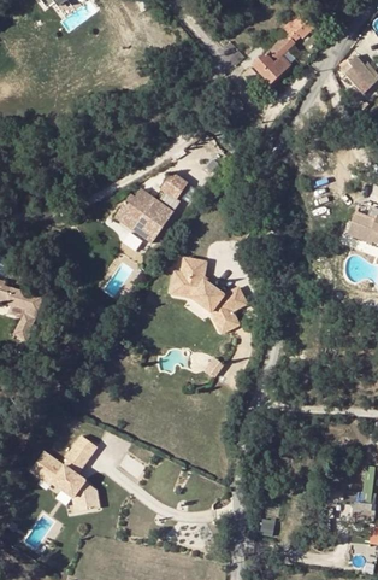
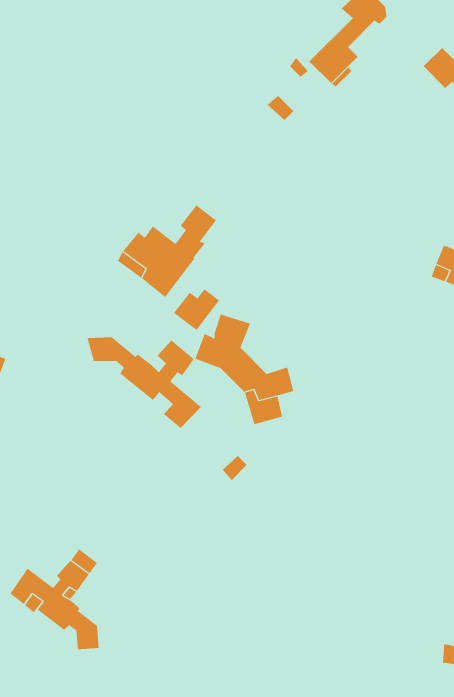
building: none -> [173,288,220,331]
building: none -> [87,337,202,429]

